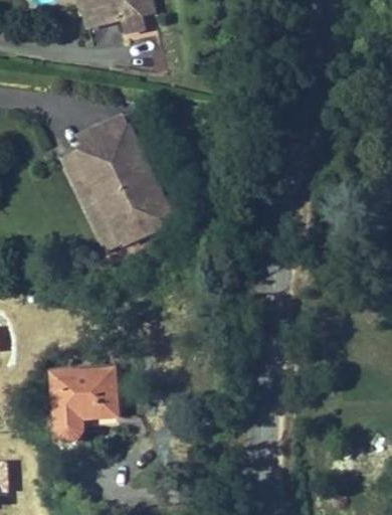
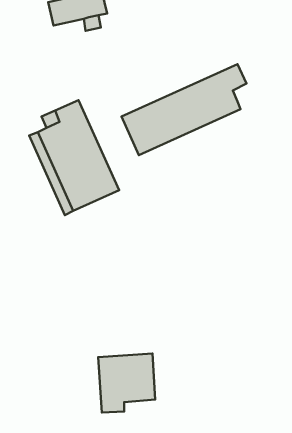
building: none -> [122,64,247,155]
building: [59,368,126,437] -> [98,354,155,412]

